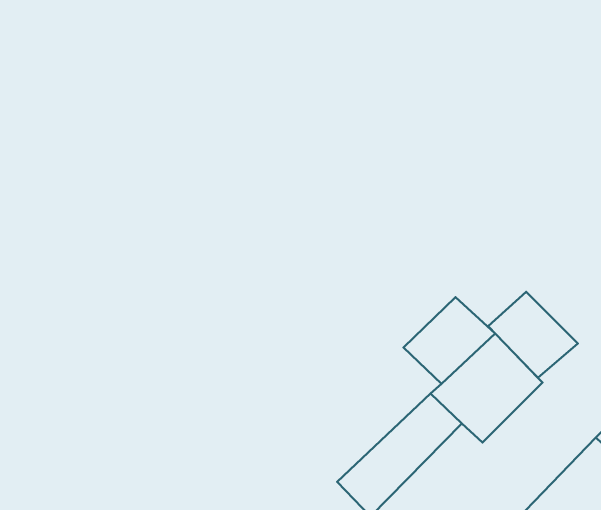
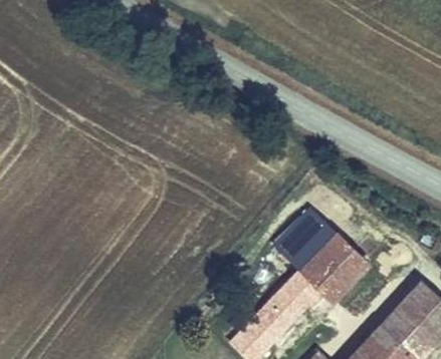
building: [488,292,578,378] -> none

